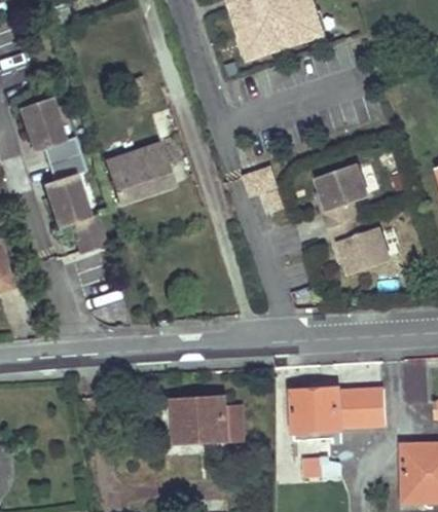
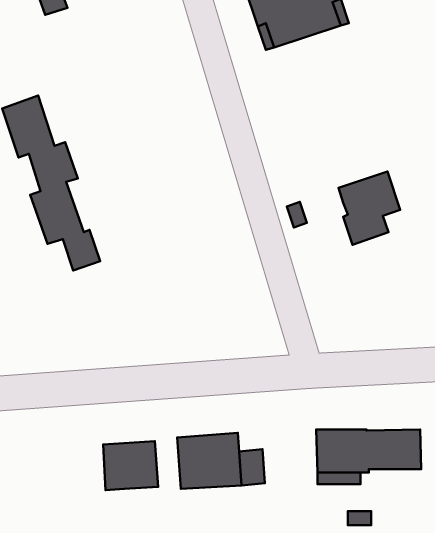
building: [104,143,174,202] -> none
building: [325,216,389,275] -> none
building: none -> [103,441,158,490]

